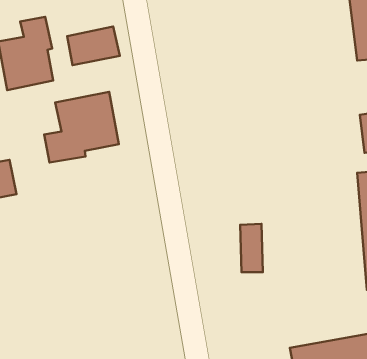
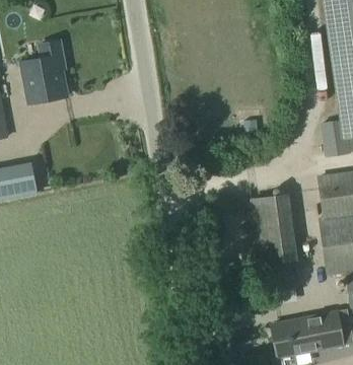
building: [67,26,120,65] -> none
building: [44,92,119,162] -> none
building: none -> [250,193,299,263]

